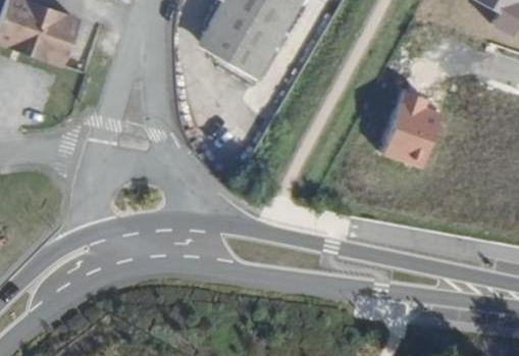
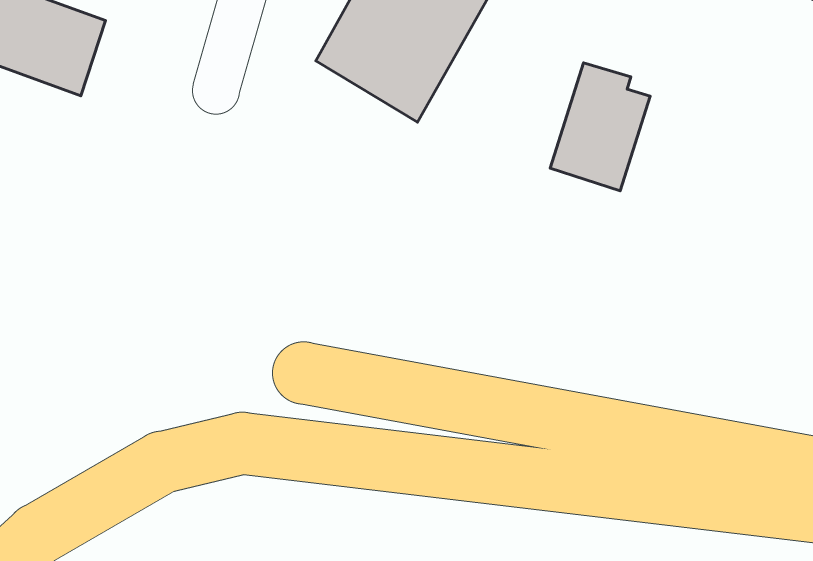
building: [381,92,439,166] -> [550,63,650,191]

